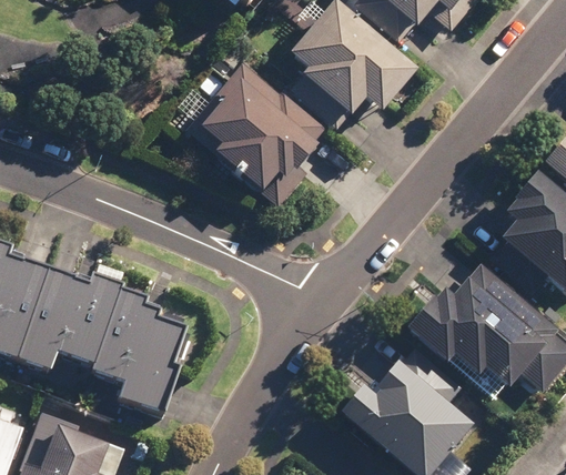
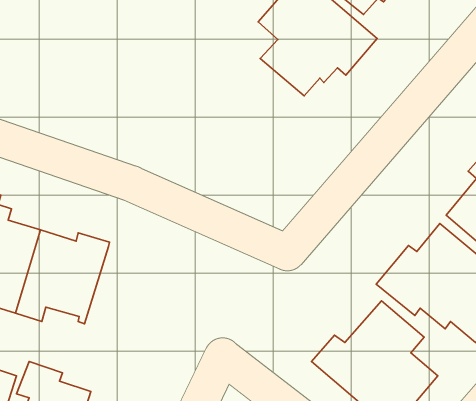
building: [186,65,324,191] -> none
building: [102,289,204,411] -> none

